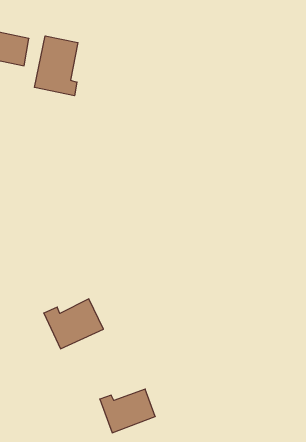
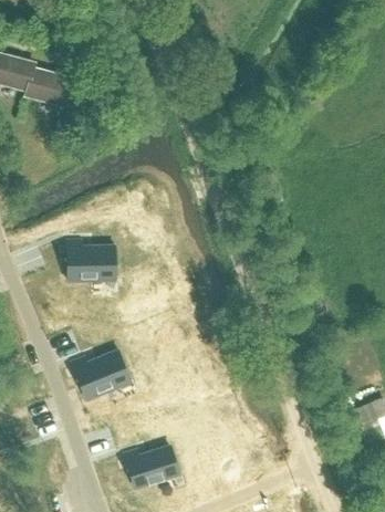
building: [34,36,78,96] -> none
building: none -> [67,241,116,282]

